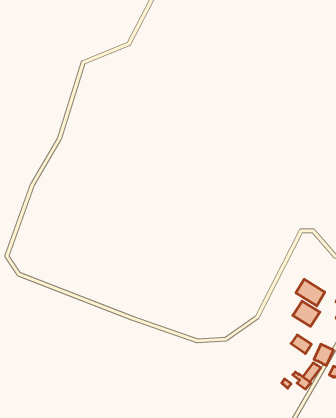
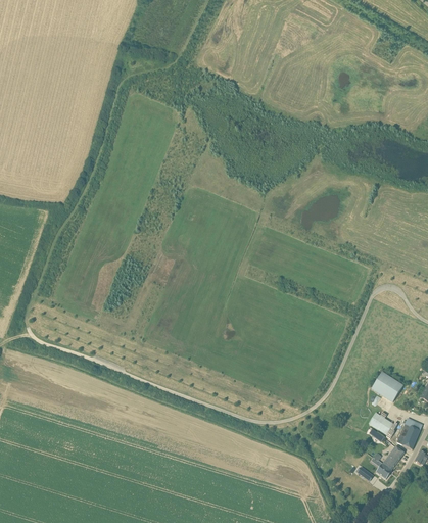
building: [296,279,325,306] -> none

